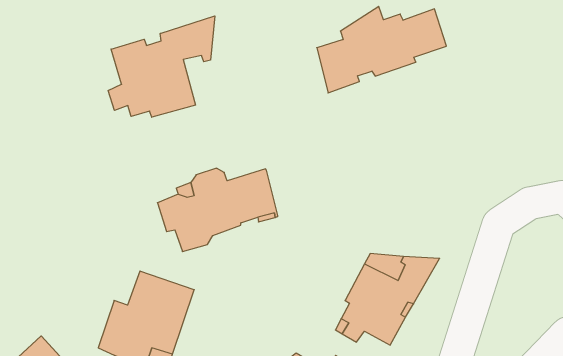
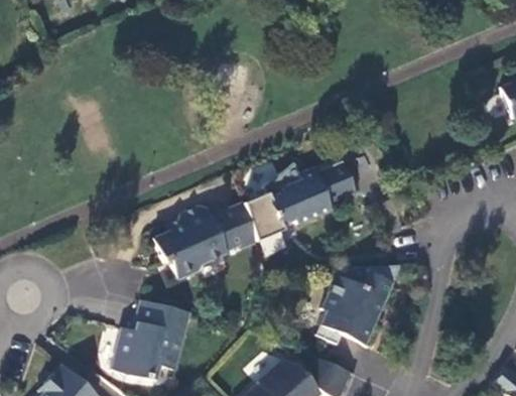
building: [317,6,446,93] -> [245,160,357,241]
building: [108,16,215,117] -> none

